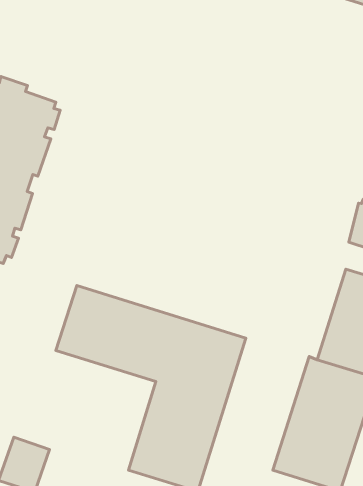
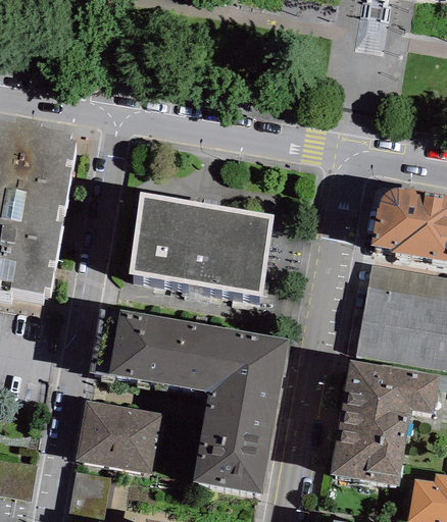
building: none -> [129,197,276,302]
building: none -> [77,400,162,473]

